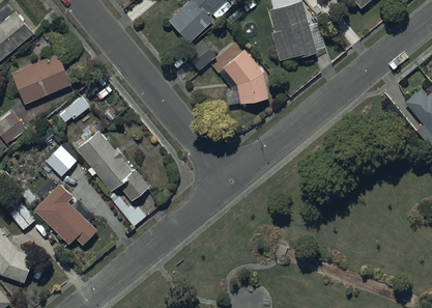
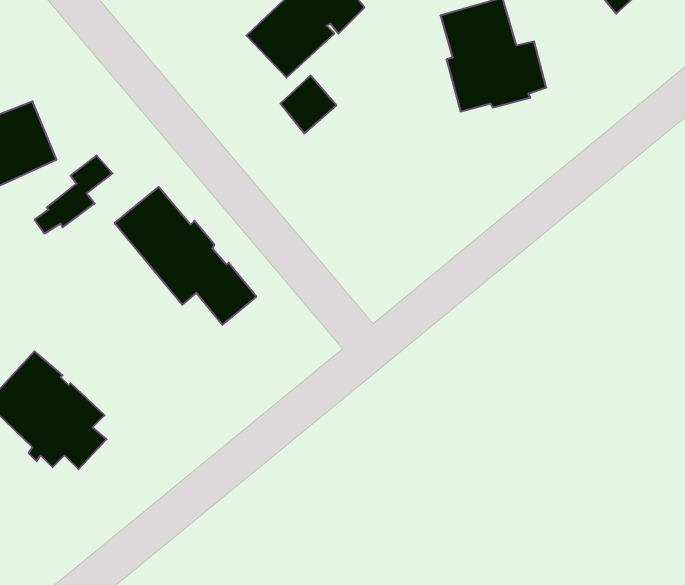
building: [223,49,268,103] -> none
building: [76,130,149,201] -> [115,187,256,325]
building: [46,145,77,176] -> none

